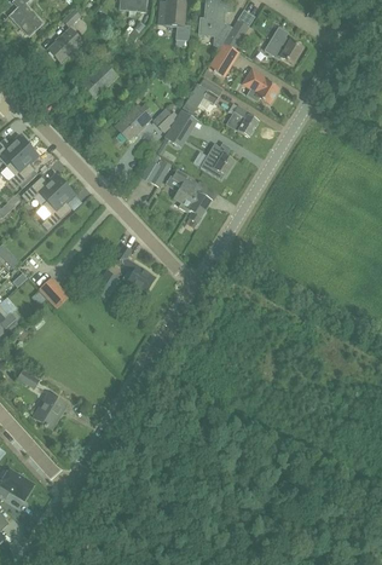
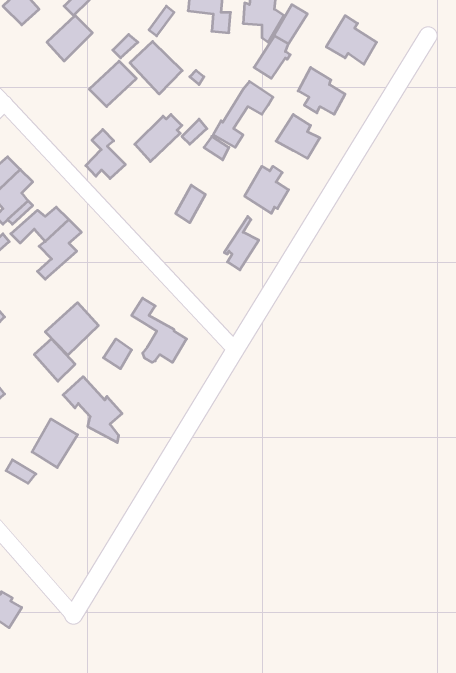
building: none -> [130,41,182,94]
building: none -> [86,129,125,179]
building: [172,168,203,209] -> none
building: none -> [45,303,98,355]
building: none -> [63,377,122,443]
building: [33,391,68,428] -> [32,419,78,468]

